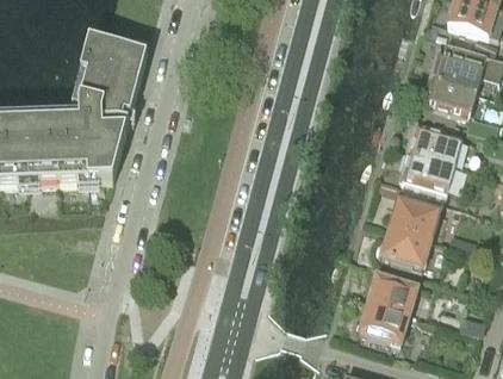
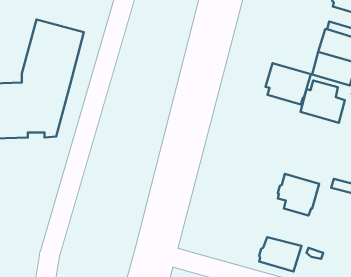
building: [400,150,455,200] -> [266,63,311,105]
building: [390,197,440,237] -> none
building: [368,267,418,312] -> none

